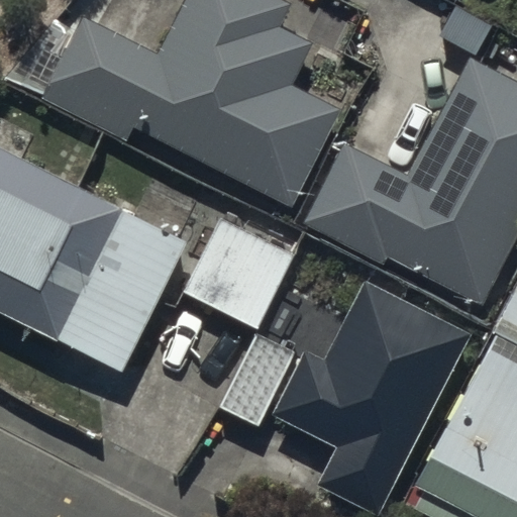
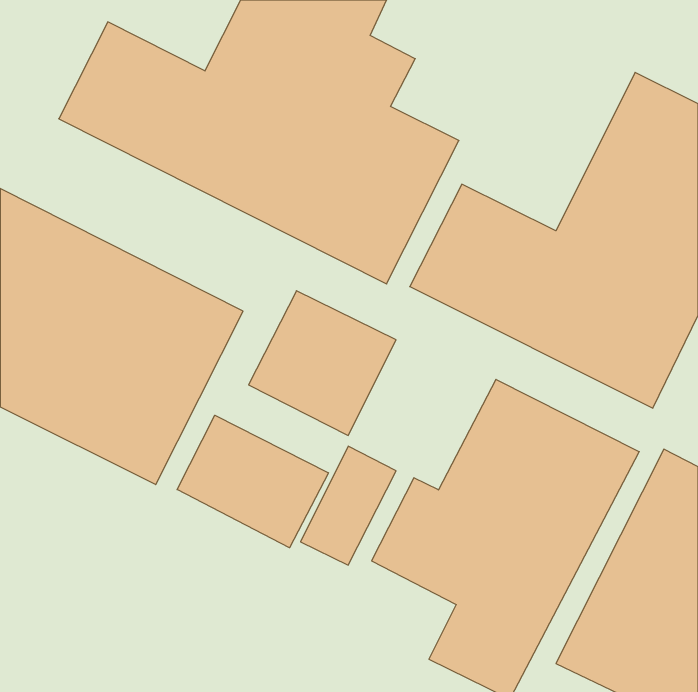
building: none -> [177,415,328,548]

